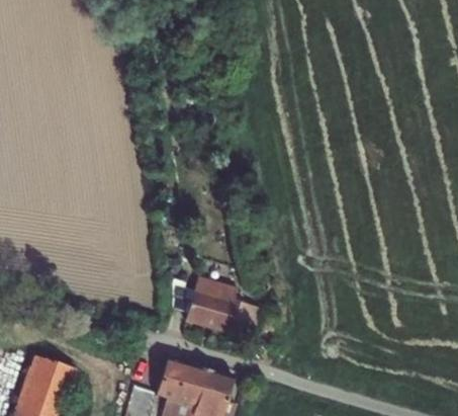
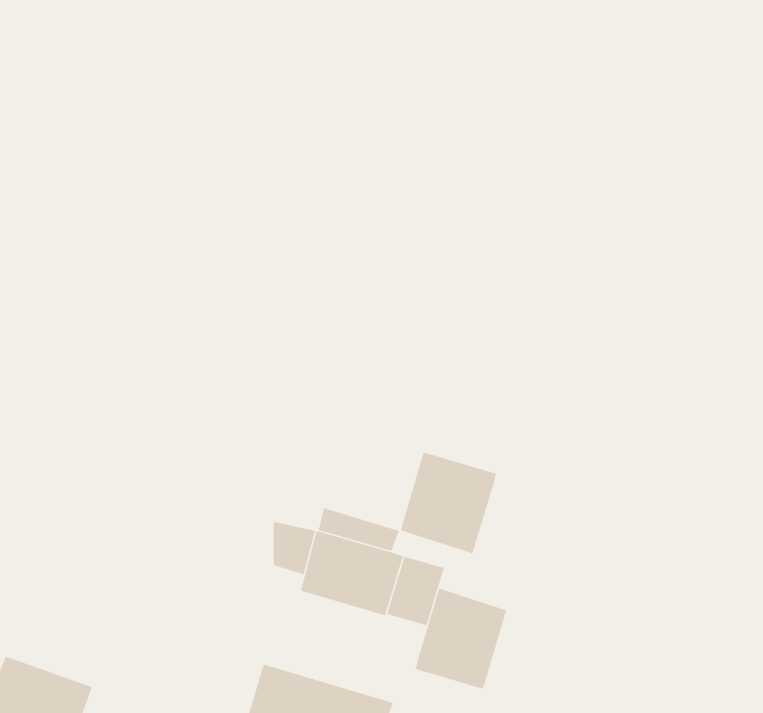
building: none -> [400,451,497,554]
building: none -> [415,588,507,690]

